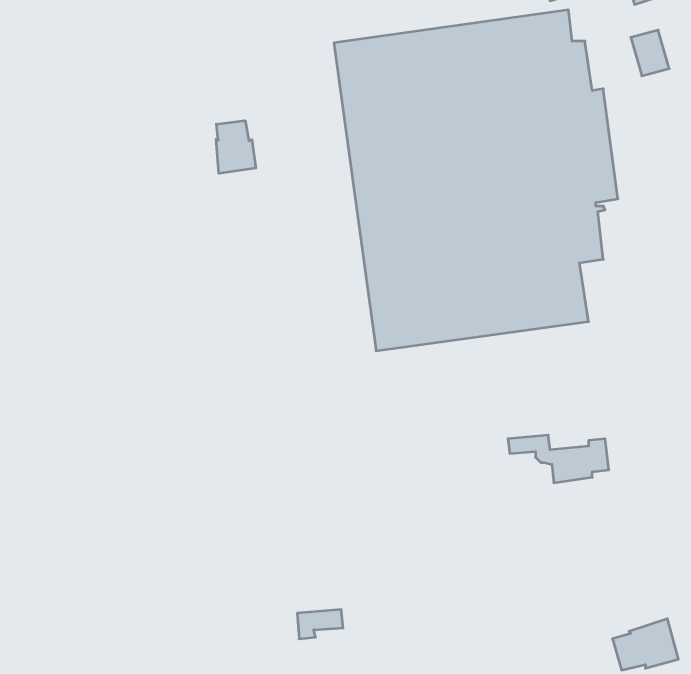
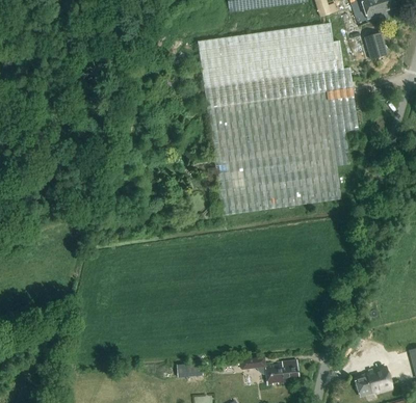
building: [216,121,256,173] -> none
building: [508,435,609,483] -> [241,358,298,385]

